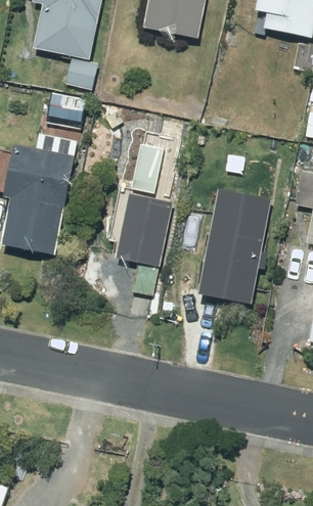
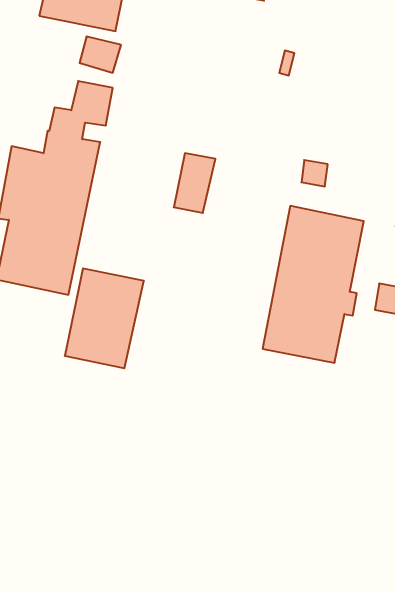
building: [115,193,173,267] -> [65,268,144,368]

